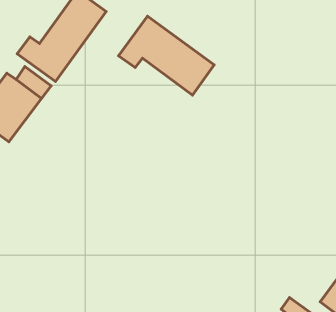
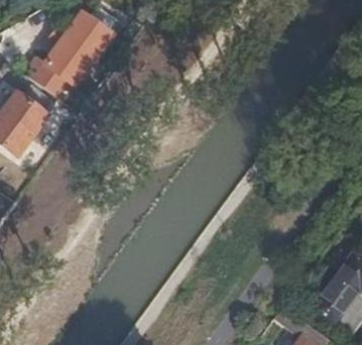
building: [119,16,214,95] -> none

